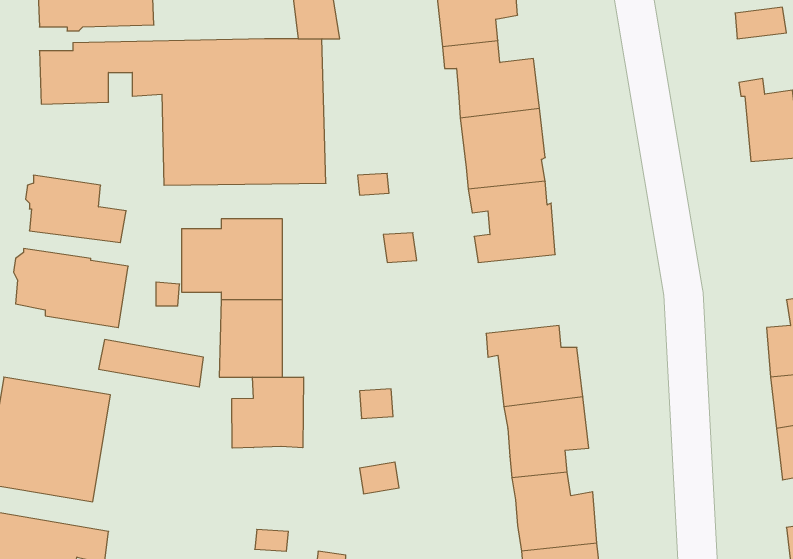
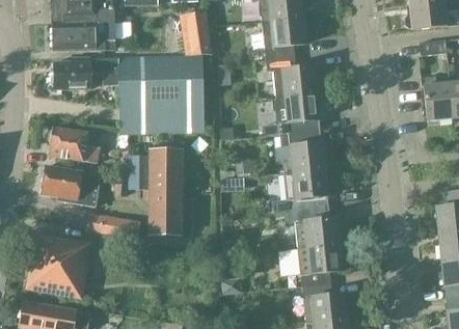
building: none -> [285,168,328,210]
building: [232,377,304,448] -> none

